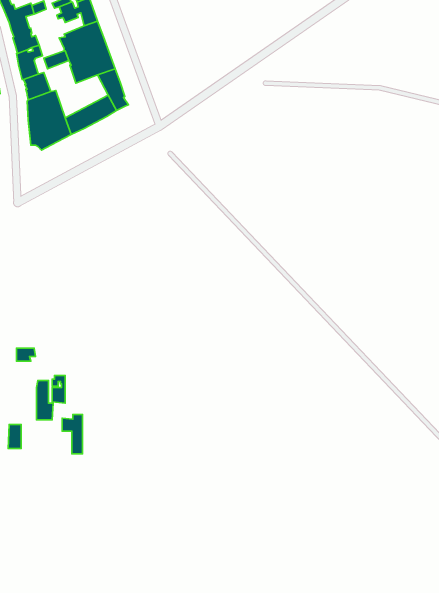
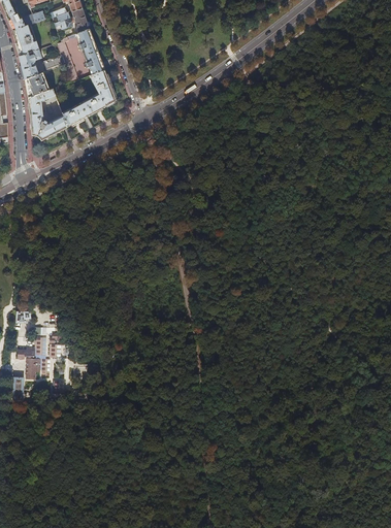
building: [62,414,82,454] -> [17,343,34,377]

